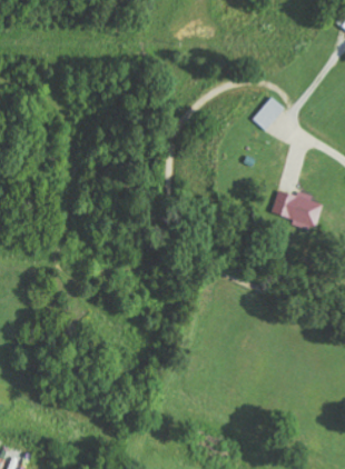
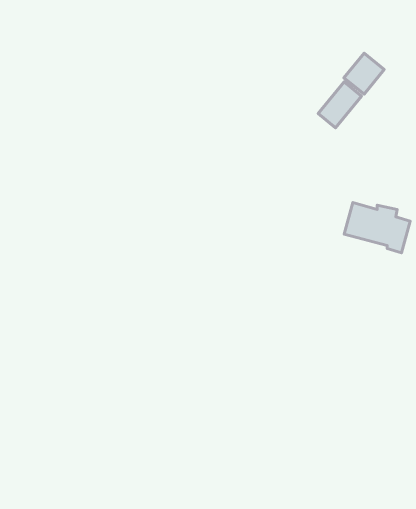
building: none -> [344,53,384,94]

